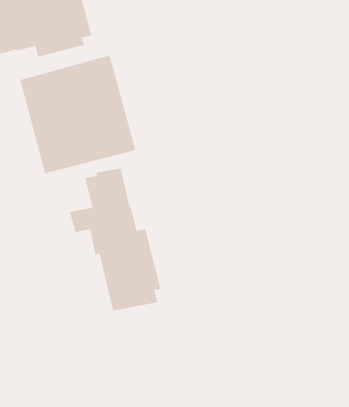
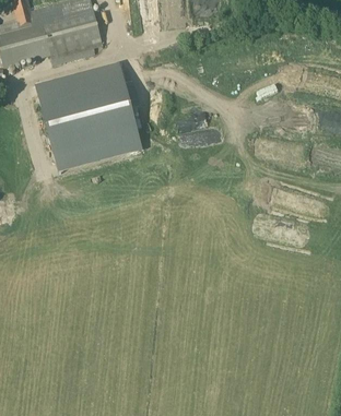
building: [69,167,161,312] -> none

